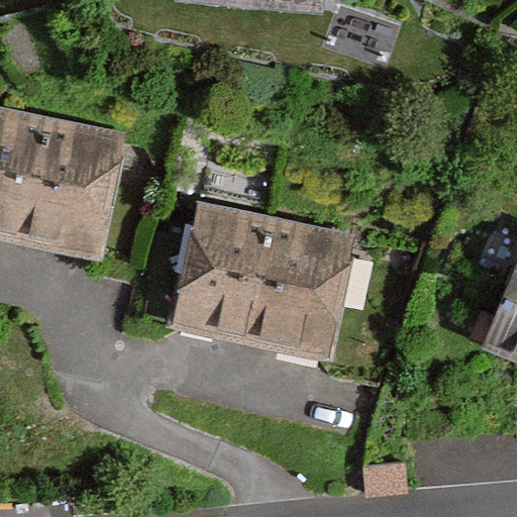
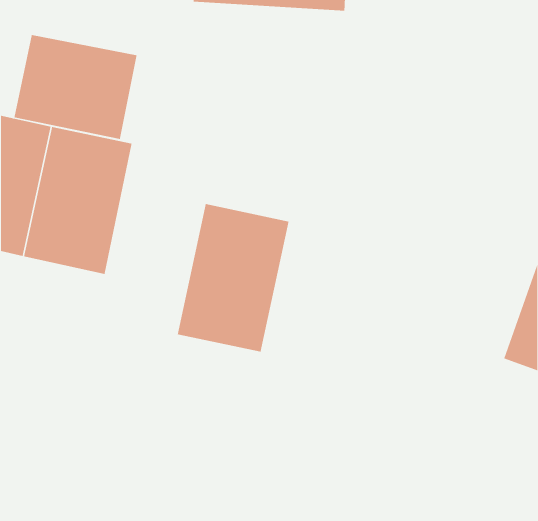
building: none -> [14,34,137,140]
building: [250,212,356,354] -> none

